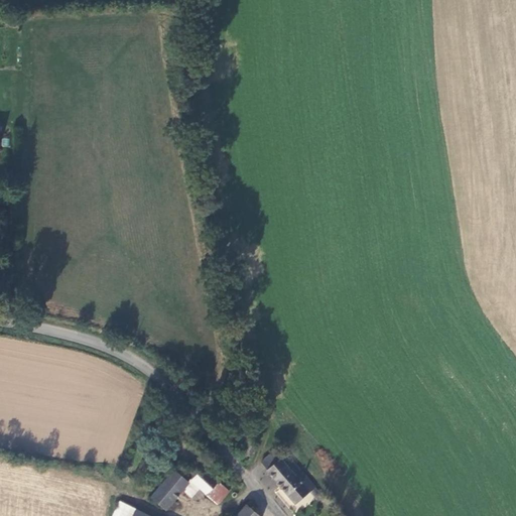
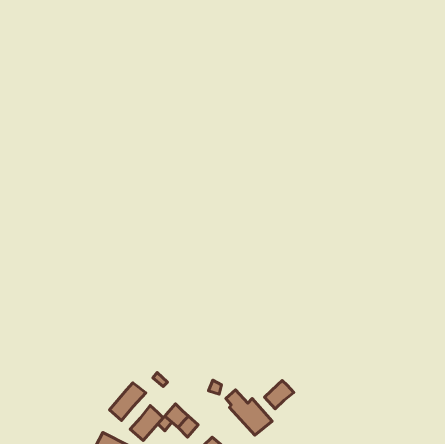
building: none -> [264,381,294,409]
building: none -> [109,383,146,420]

